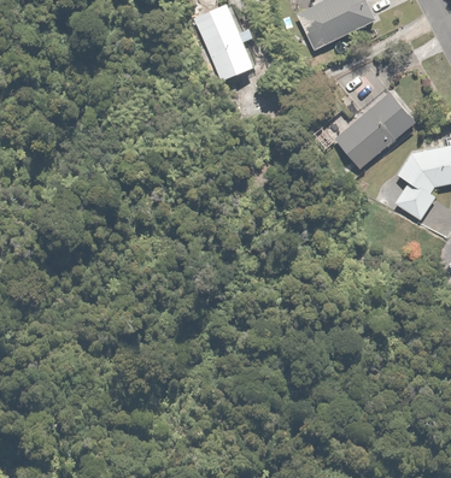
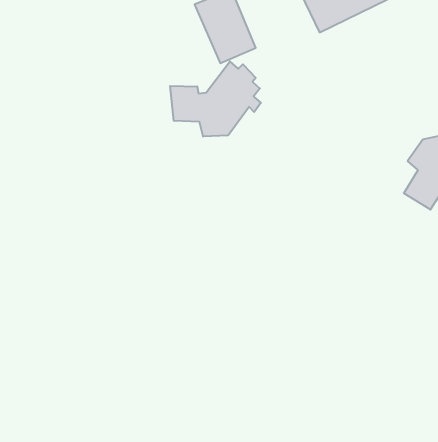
building: none -> [170,61,261,137]
building: [334,90,418,169] -> none

